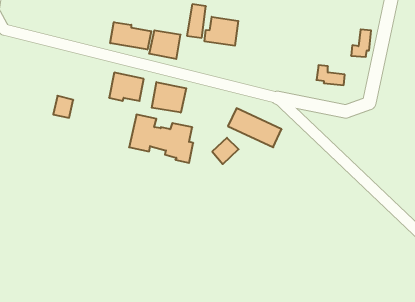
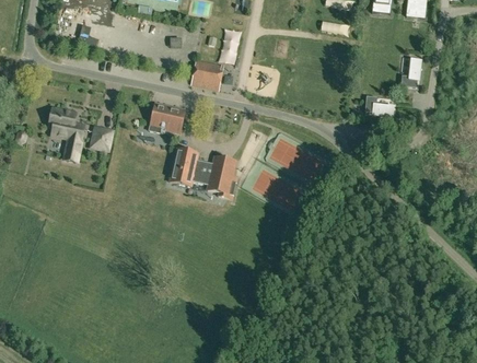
building: [205,17,238,46] -> none
building: [110,22,151,50] -> none
building: none -> [49,107,84,160]
building: [152,82,186,113] -> none

